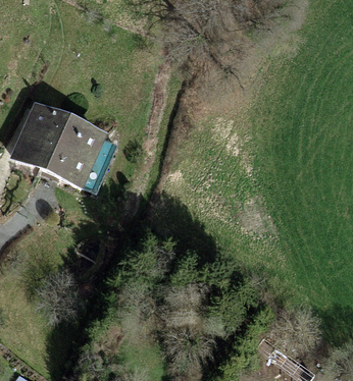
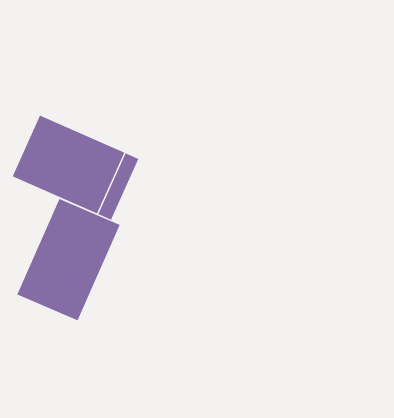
building: none -> [16,198,121,321]

